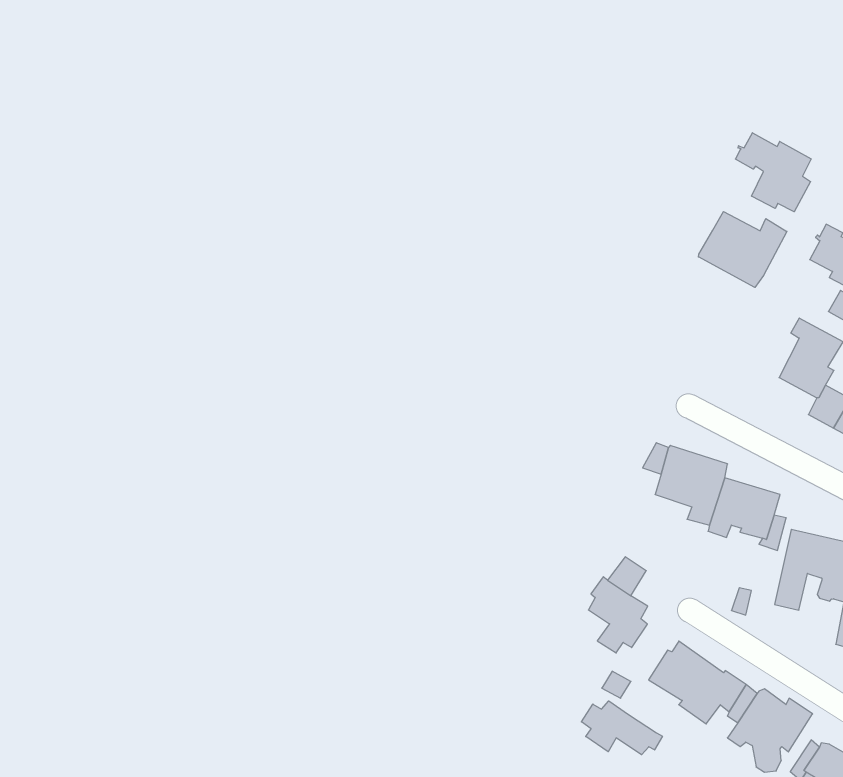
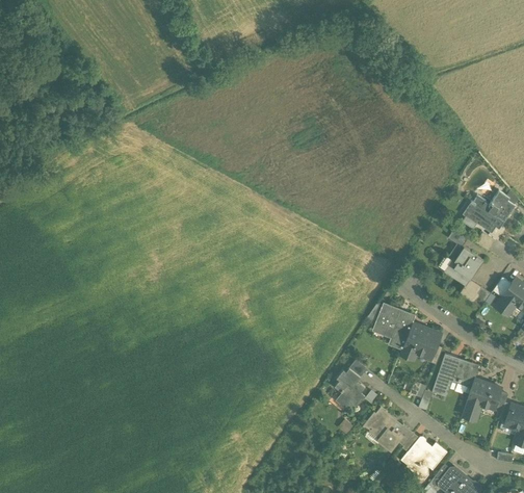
building: [735,133,811,212] -> none
building: [698,212,787,287] -> none
building: [581,701,662,755] -> none

